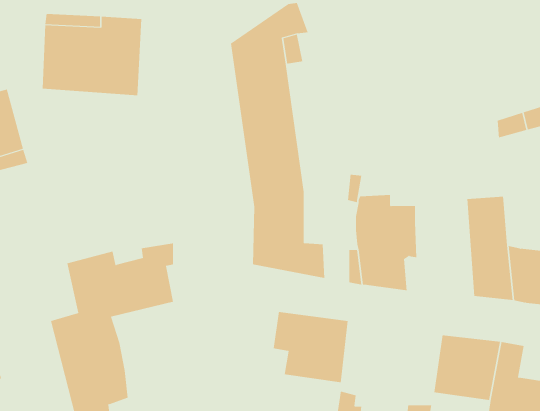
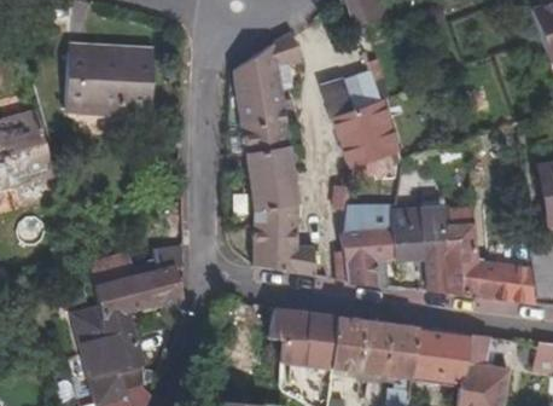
building: none -> [322,58,396,169]
building: none -> [394,208,446,294]
building: none -> [330,315,418,381]

